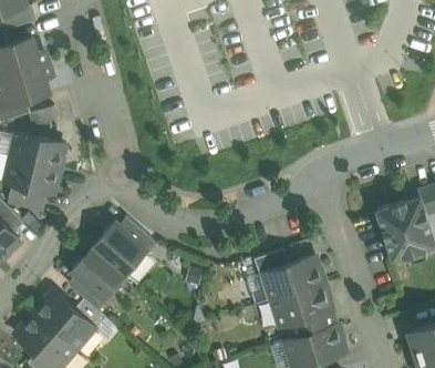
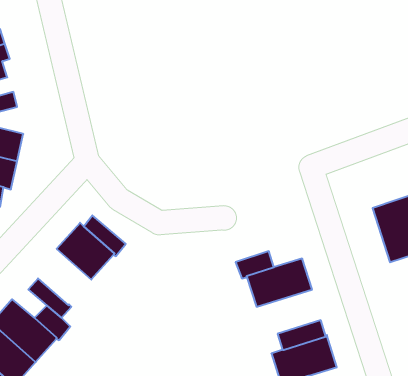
building: [73,248,124,299] -> none
building: [272,285,331,328] -> none

